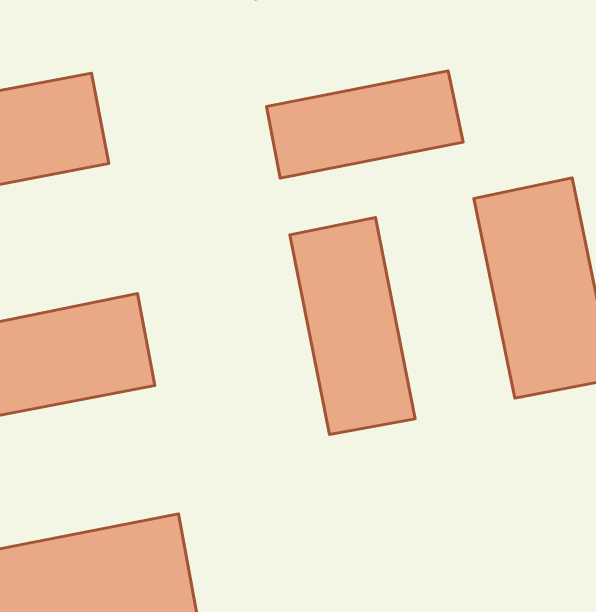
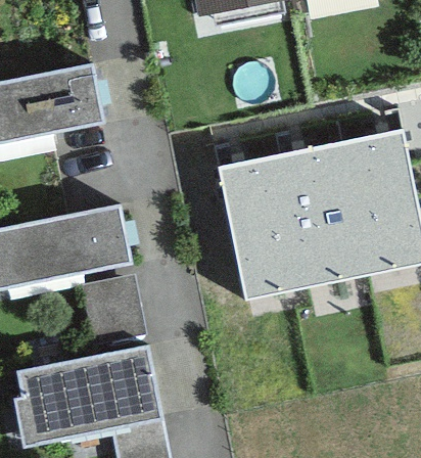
building: [266,71,463,178] -> none
building: none -> [274,144,364,286]

